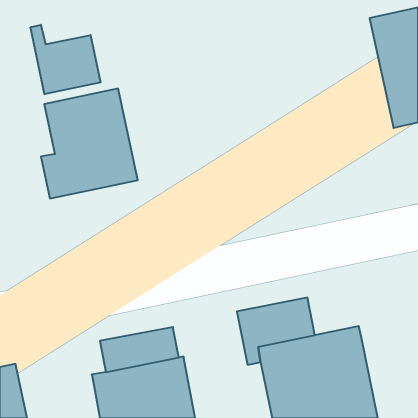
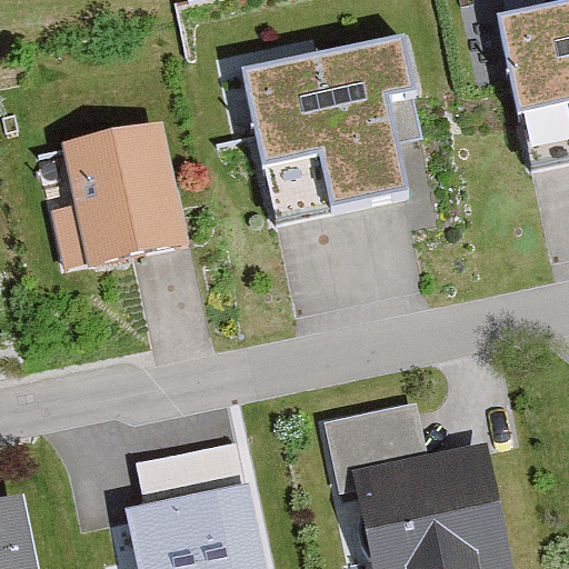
building: [31,25,101,94] -> none
building: none -> [247,43,418,226]

